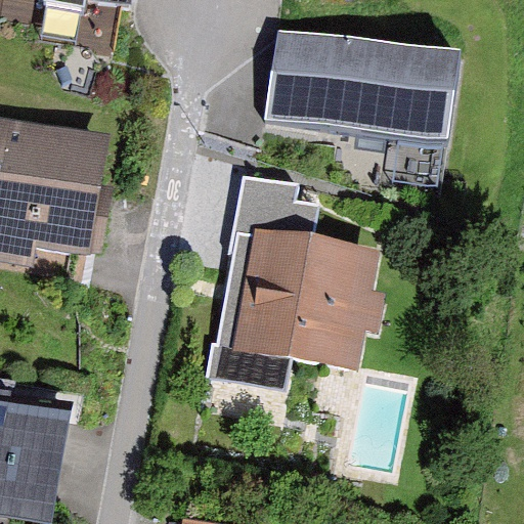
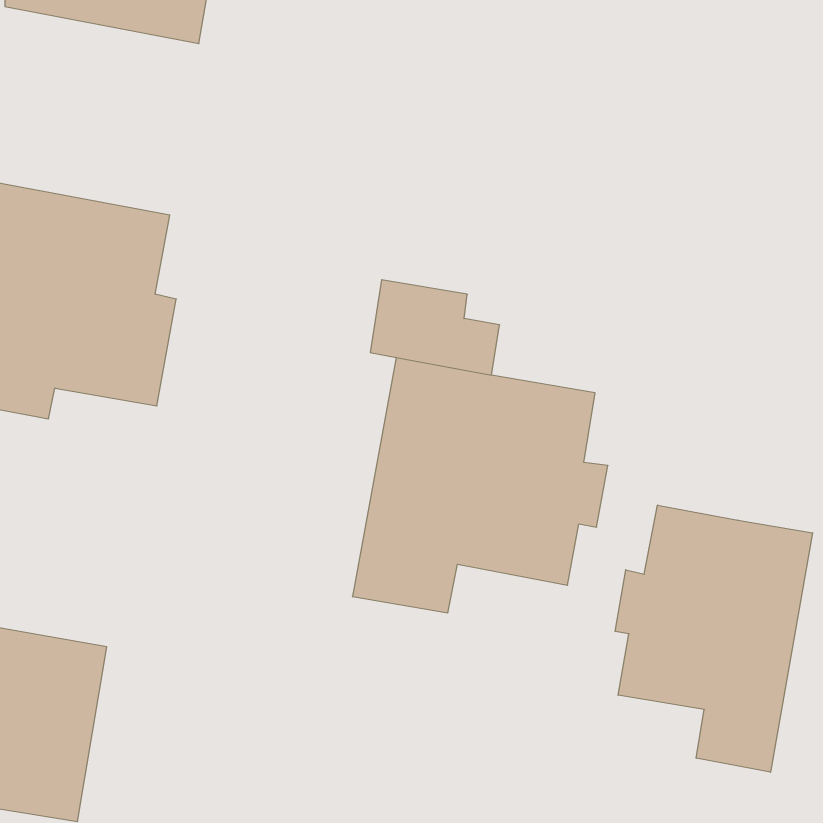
building: [265,28,457,187] -> none
building: none -> [615,505,813,772]

